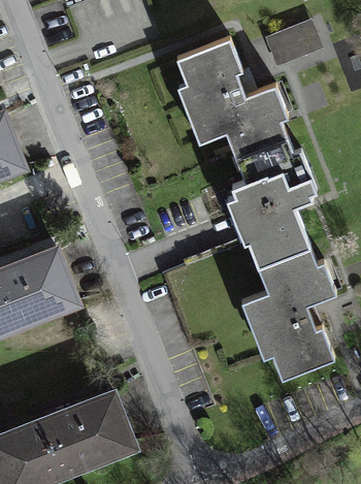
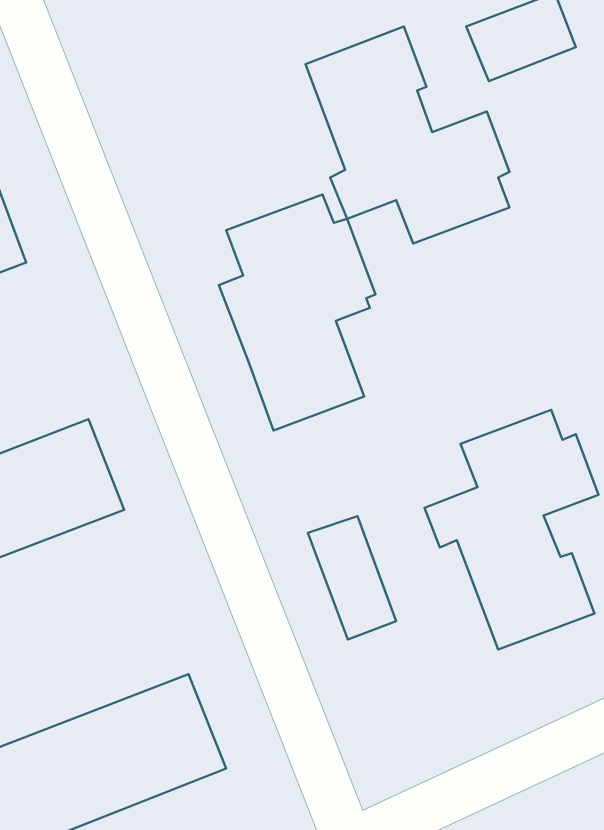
building: [231,139,317,268] -> [219,194,375,430]
building: none -> [308,516,396,639]

